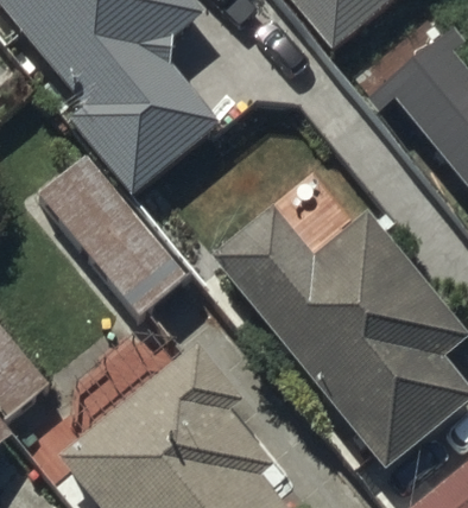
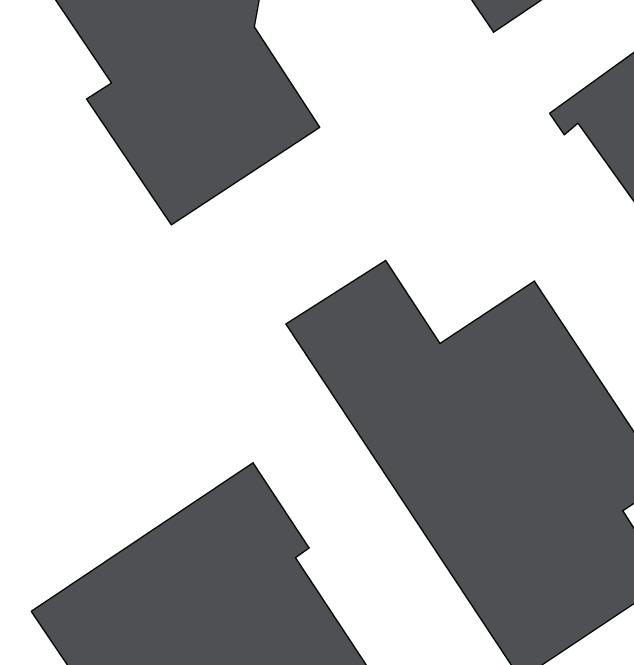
building: [36,148,189,317] -> none

